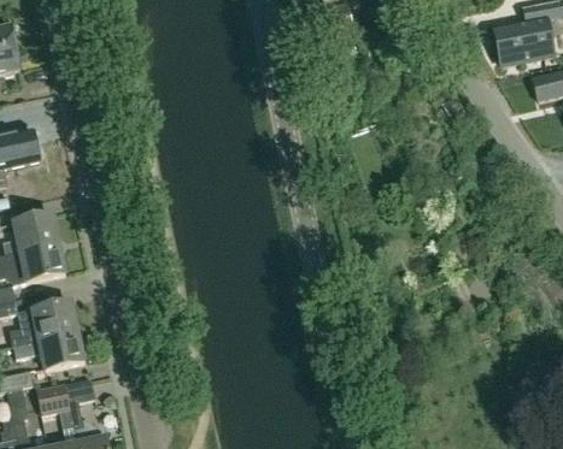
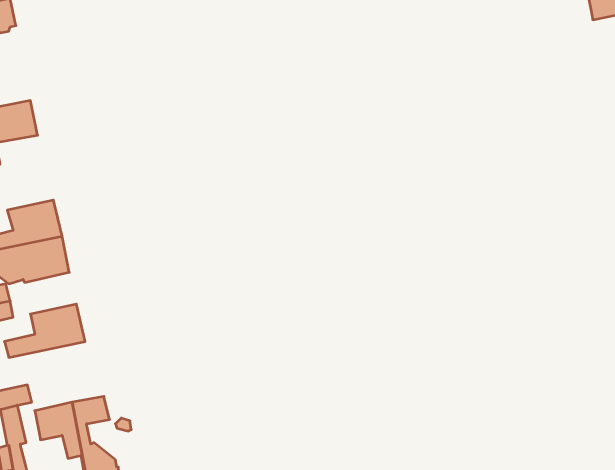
building: [13,332,83,371] -> none

